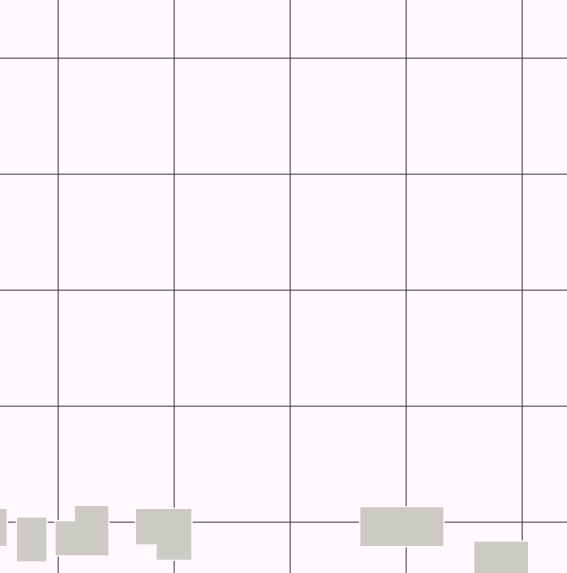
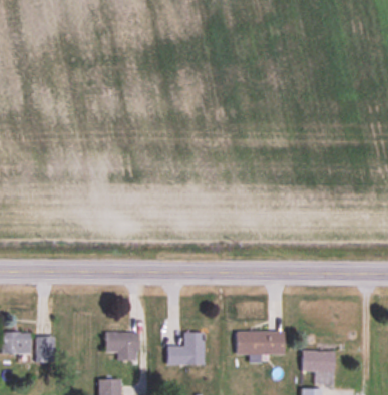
building: [55,505,109,556] -> none
building: none -> [167,332,204,365]

